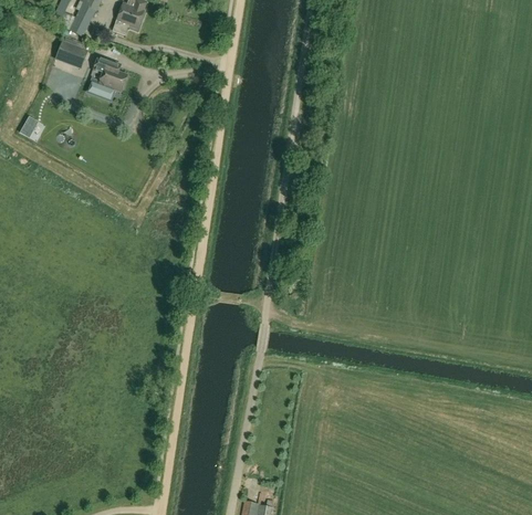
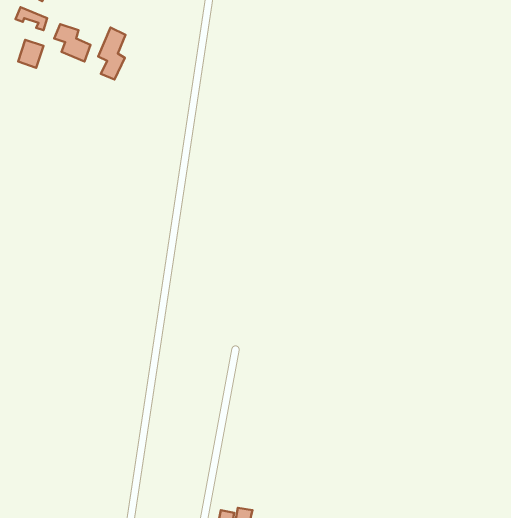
building: none -> [98,27,126,80]

